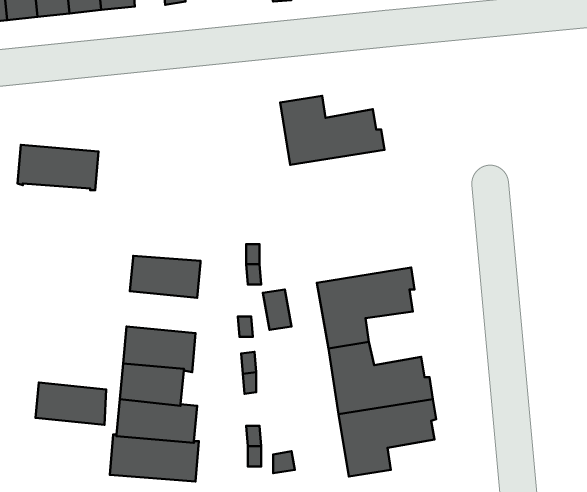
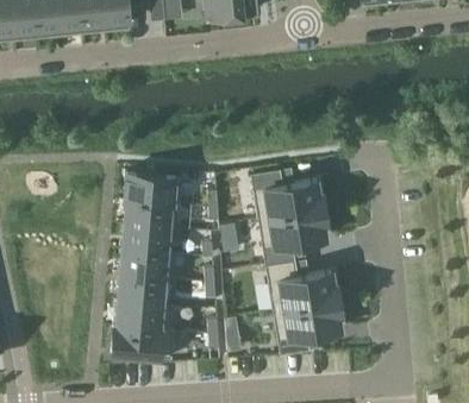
building: [280,96,384,165] -> [251,170,325,219]
building: [18,145,98,190] -> [125,172,182,204]
building: [35,383,106,425] -> [124,225,174,254]

